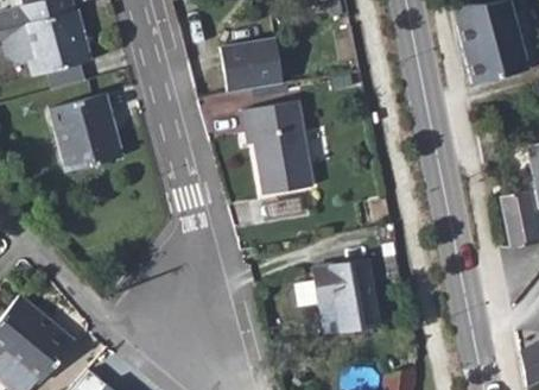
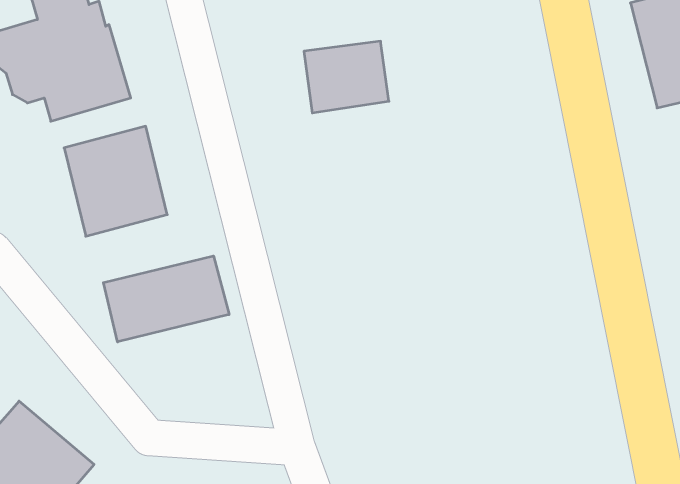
building: [237,99,307,189] -> none
building: none -> [103,256,229,342]
building: [312,254,375,326] -> none

